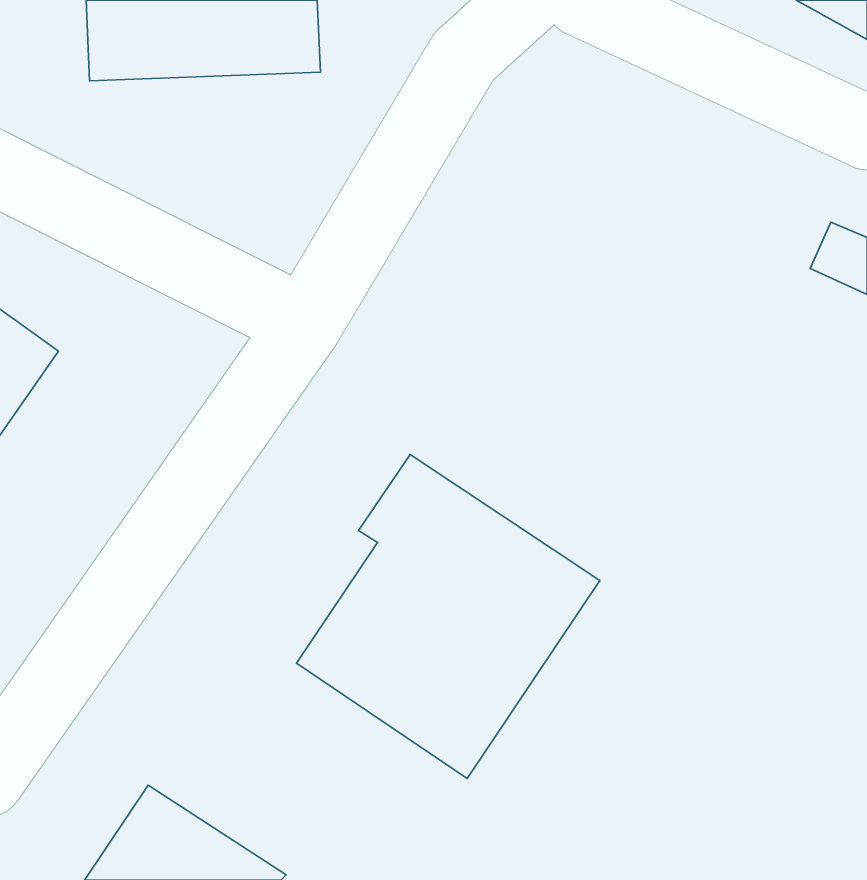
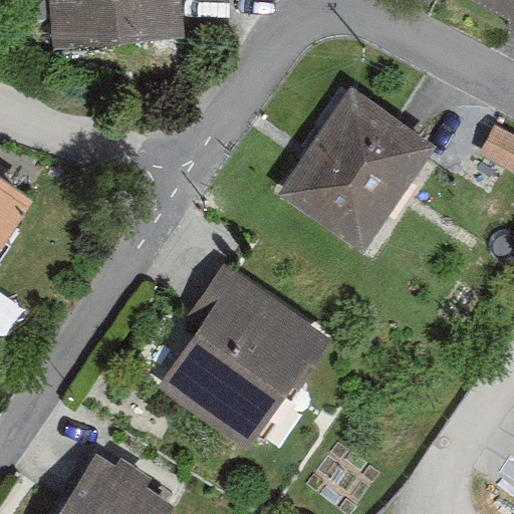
building: none -> [270,82,426,242]

